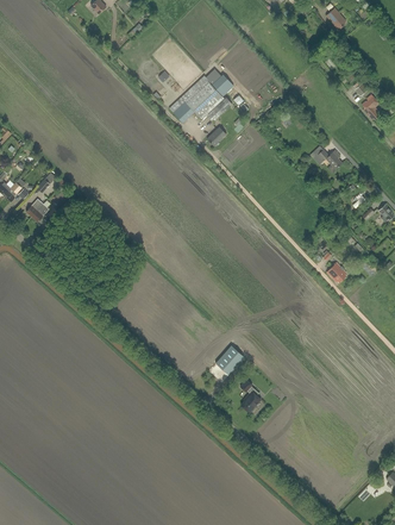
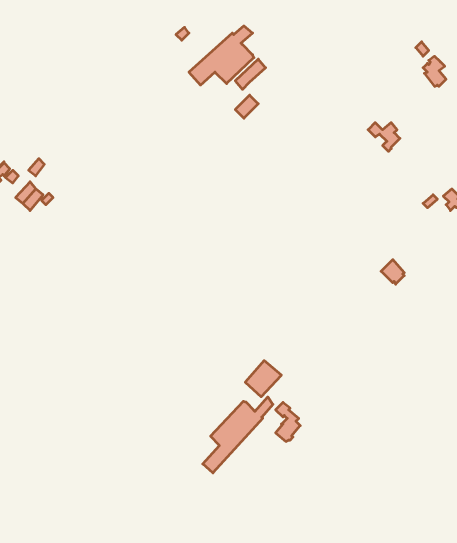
building: none -> [203,397,273,473]

